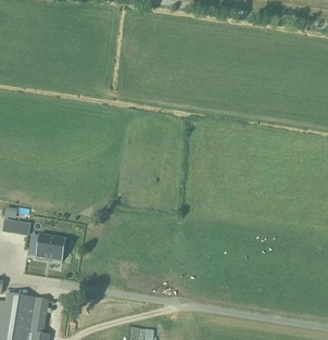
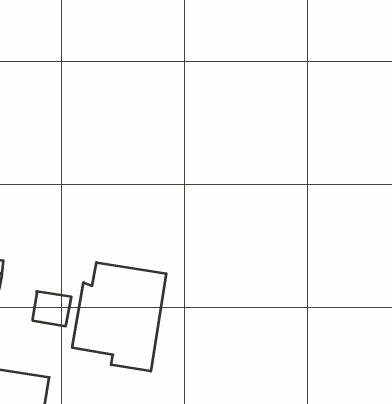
building: none -> [72,262,166,371]

